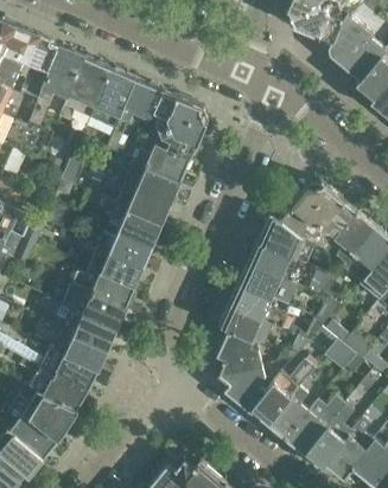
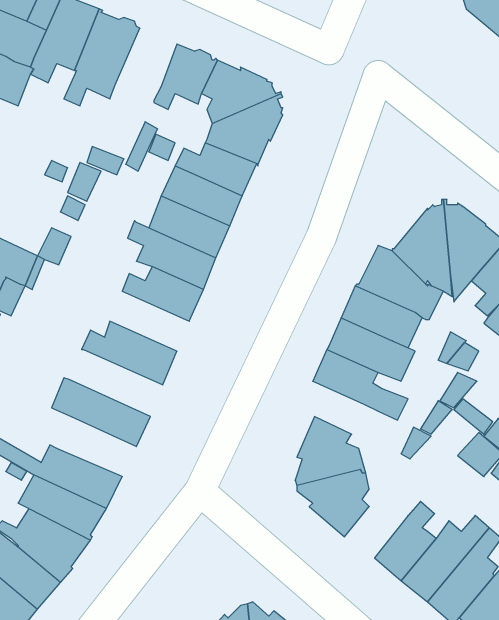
building: [90,69,135,127] -> none
building: [90,245,144,285] -> none
building: [63,284,126,329] -> none
building: [218,306,271,345] -> none
building: [55,329,108,370] -> none
building: [248,359,314,424] -> none

